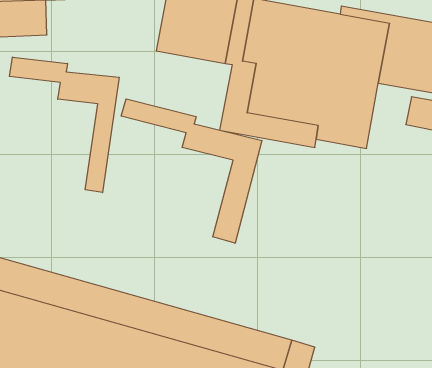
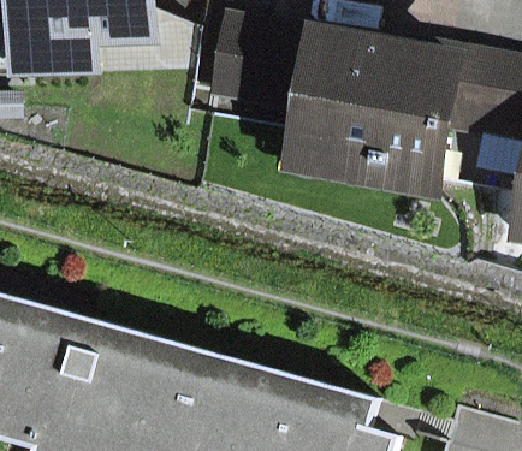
building: [9,57,119,193] -> none
building: [121,99,262,243] -> none

